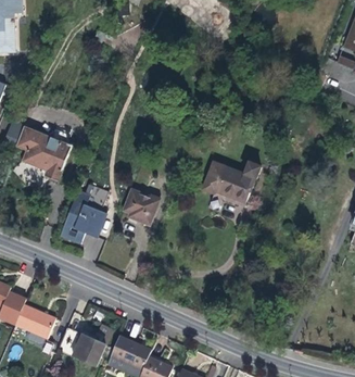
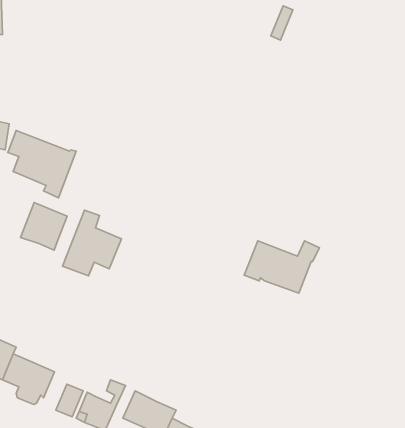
building: [202,161,262,202] -> [244,241,319,293]
building: none -> [20,202,67,250]
building: [124,189,160,225] -> none

